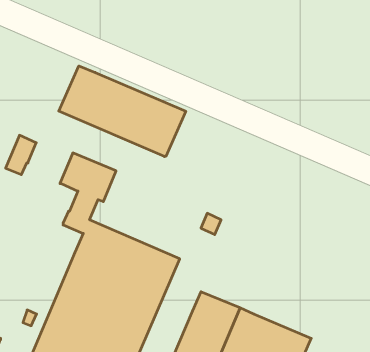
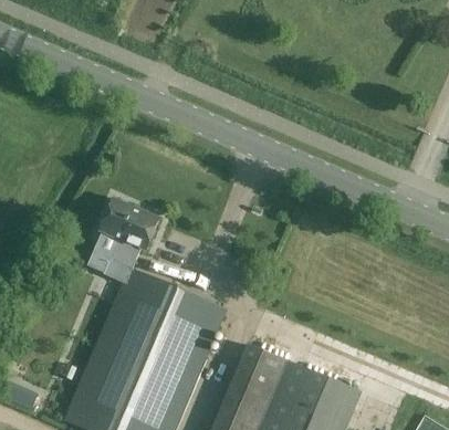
building: [59,66,186,157] -> none
building: [6,135,36,175] -> [87,230,119,271]

